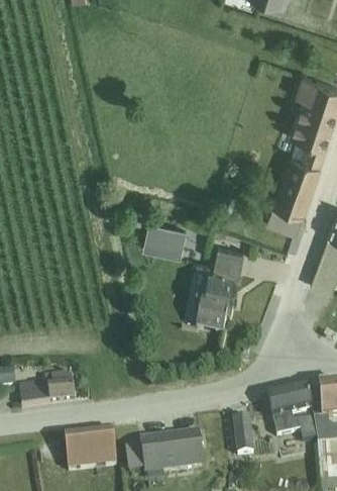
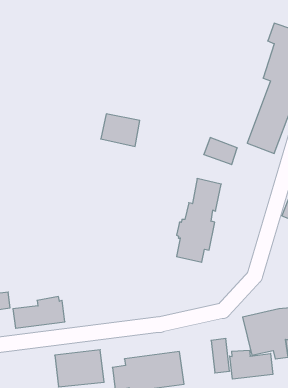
building: [266,203,303,232] -> [204,138,237,165]
building: [143,218,186,254] -> [101,114,140,146]
building: none -> [230,350,273,379]

